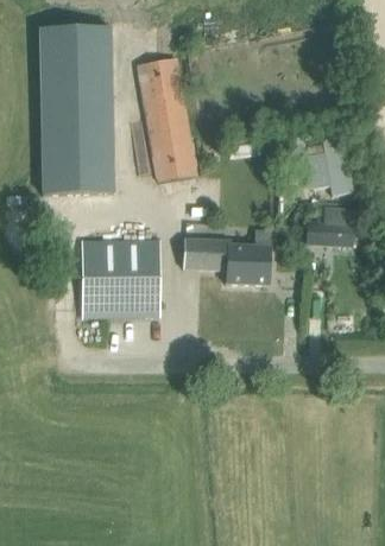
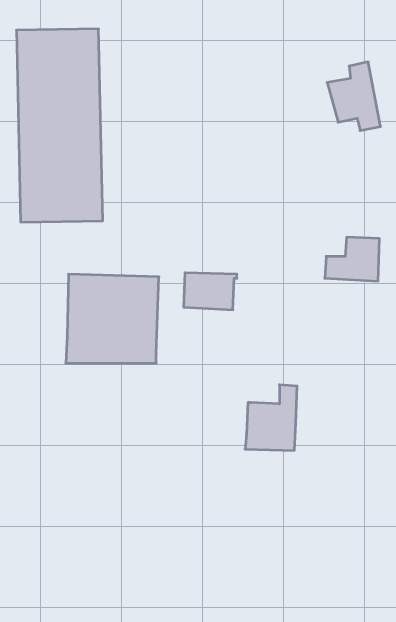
building: [138,57,194,180] -> none
building: [303,135,349,195] -> [327,62,381,131]
building: [225,227,270,284] -> [245,385,297,450]

